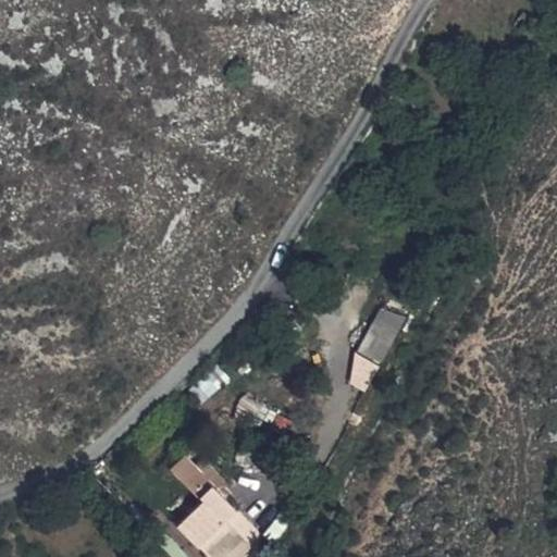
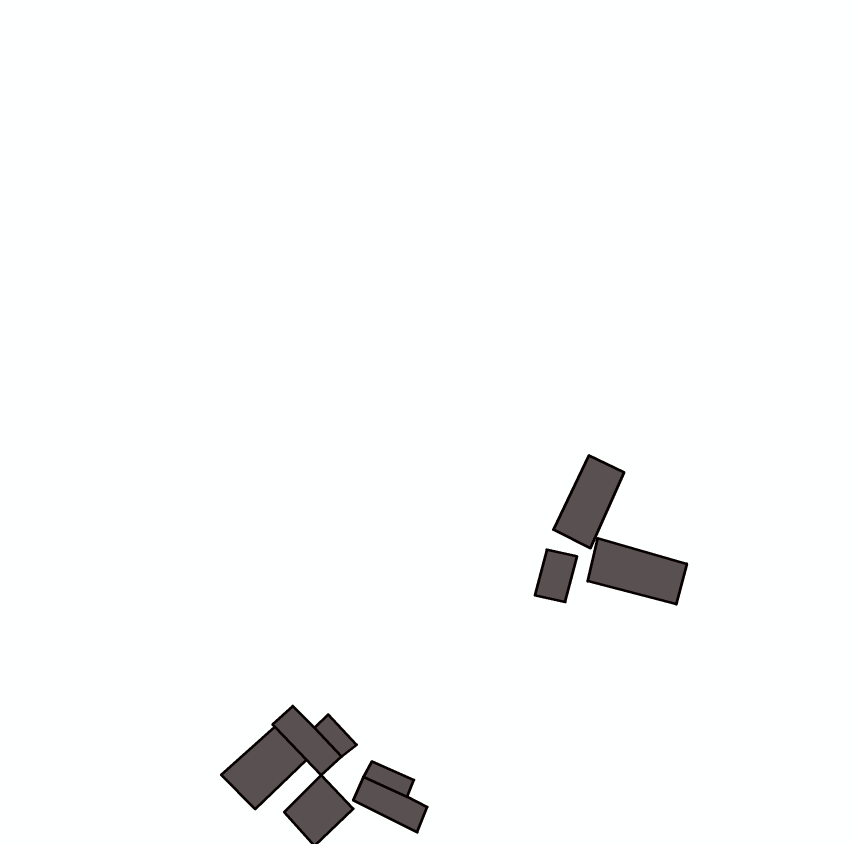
building: none -> [588,538,687,604]
building: none -> [221,727,306,809]

